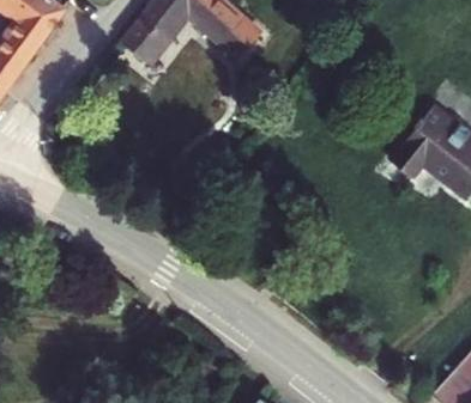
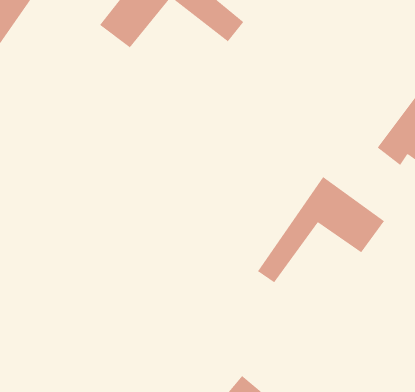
building: none -> [257,176,385,283]

